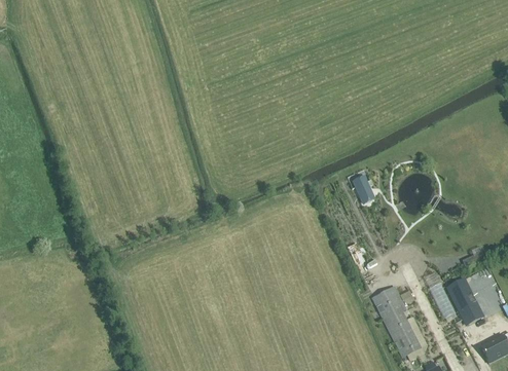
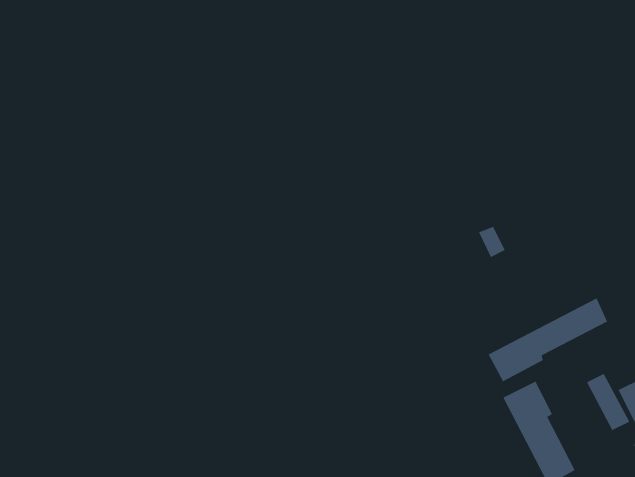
building: none -> [488,298,608,382]

